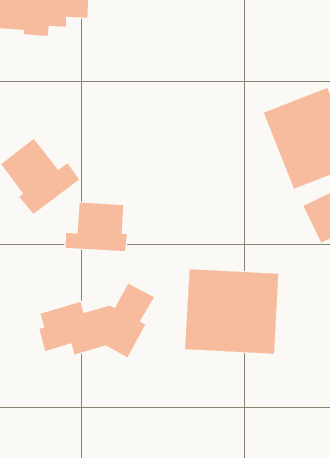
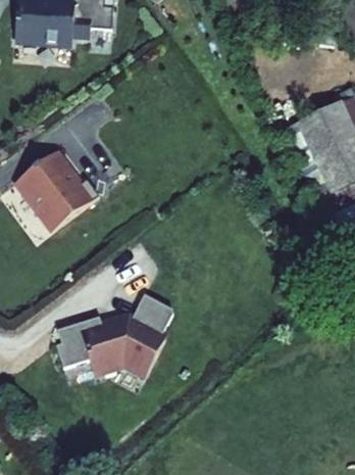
building: [65,202,127,252] -> none
building: [185,268,279,355] -> none

